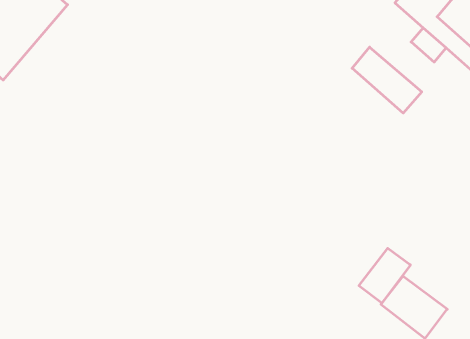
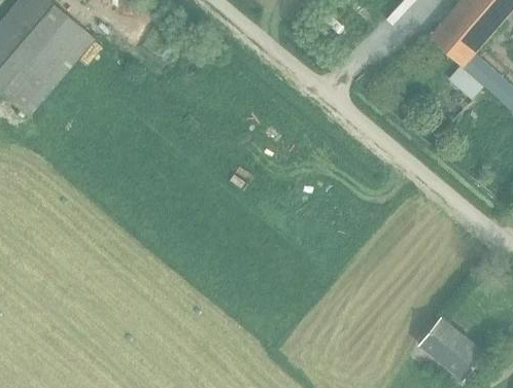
building: [352,47,422,113] -> none
building: [359,248,410,303] -> none

